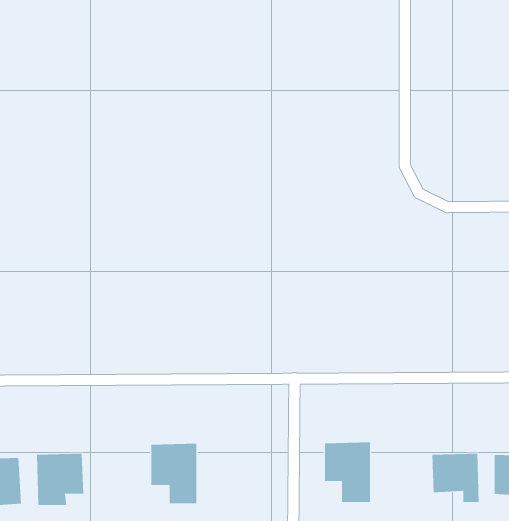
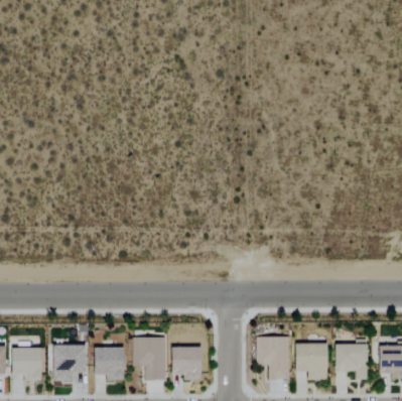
building: none -> [294,344,327,381]
building: none -> [170,347,202,381]
building: none -> [93,348,123,381]

